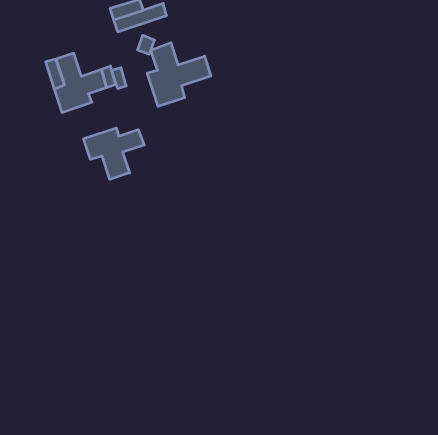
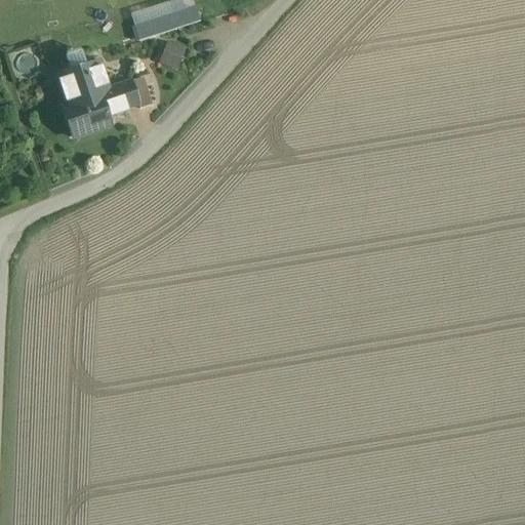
building: [147,43,211,106] -> none
building: [84,128,144,179] -> none

